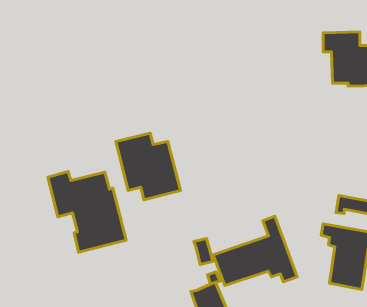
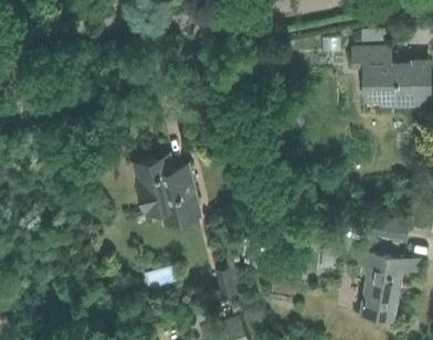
building: [48,172,126,252] -> none
building: [213,216,297,285] -> none

